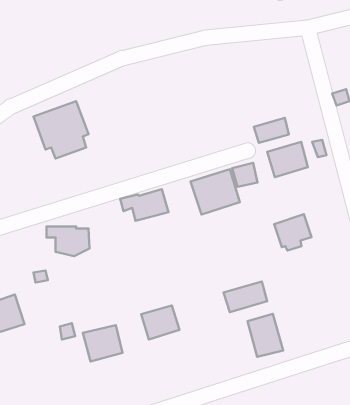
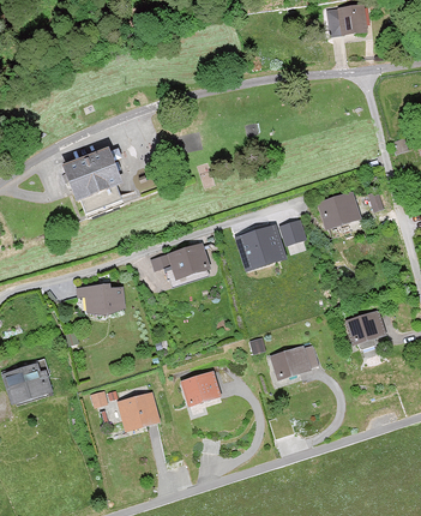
building: [254,118,289,143] -> none
building: [274,214,311,250] -> [345,310,386,349]
building: [247,314,283,357] -> none

